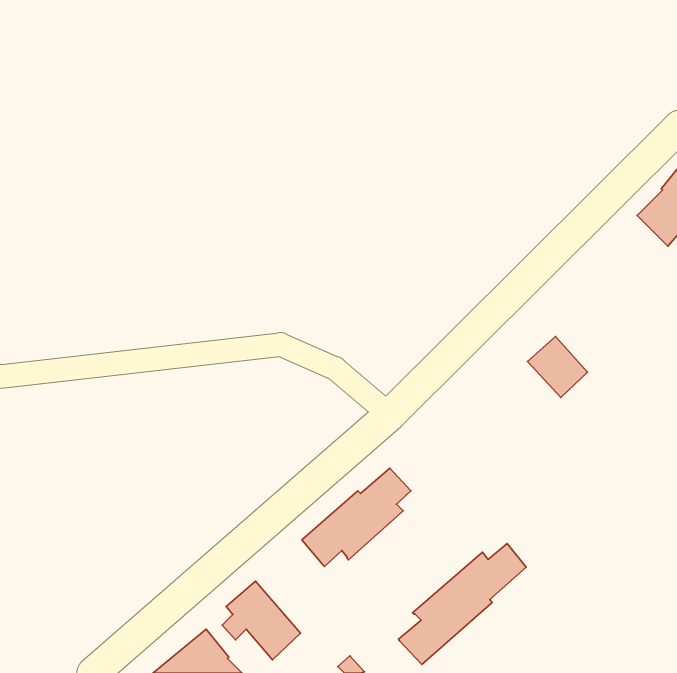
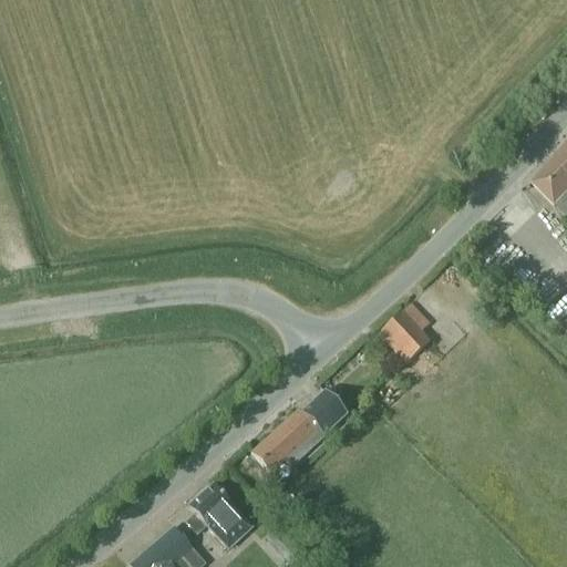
building: [528,336,587,398] -> [380,310,430,361]
building: [399,543,526,664] -> none

